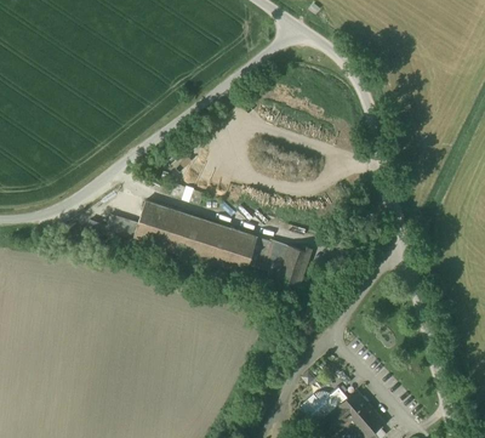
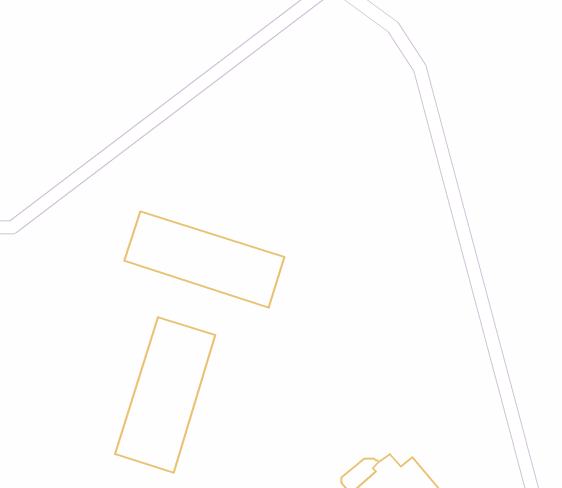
building: [262,239,312,284] -> none
building: none -> [115,317,215,473]

